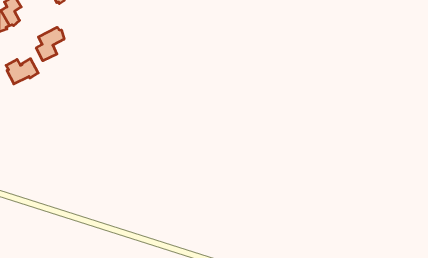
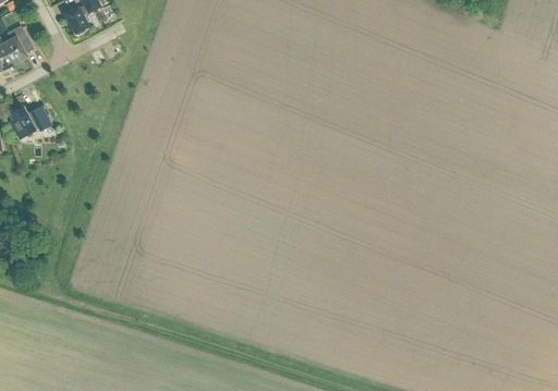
building: [36,27,64,61] -> none

